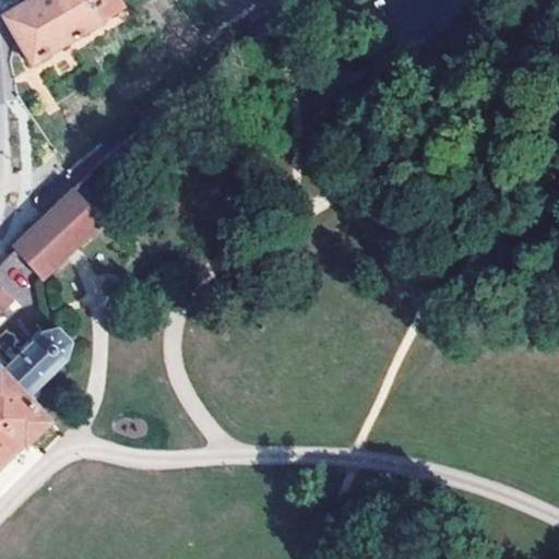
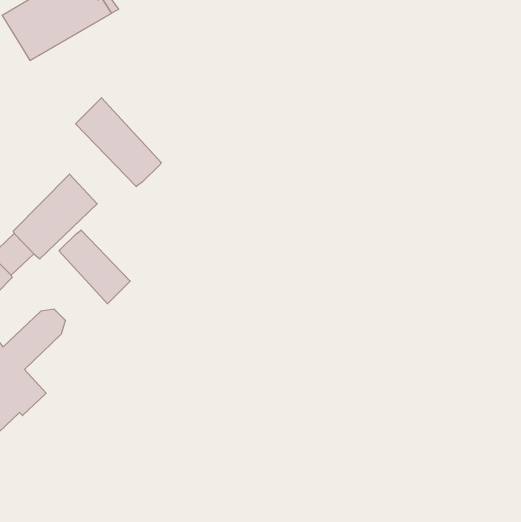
building: none -> [76,98,161,187]
building: none -> [59,230,130,304]

